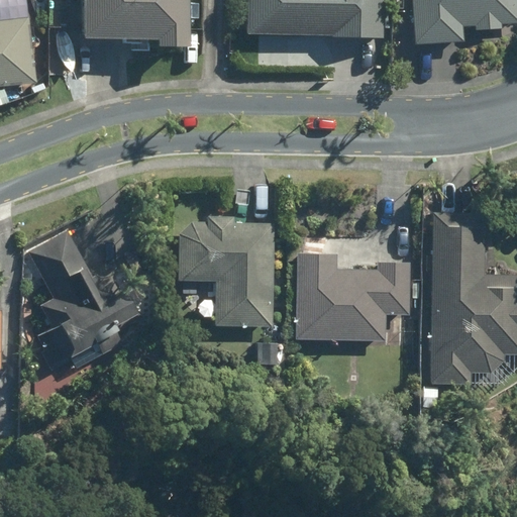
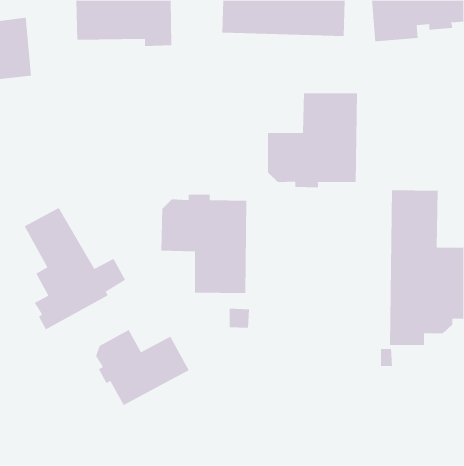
building: none -> [268,92,357,188]
building: [296,252,409,339] -> none
building: none -> [96,329,189,406]

